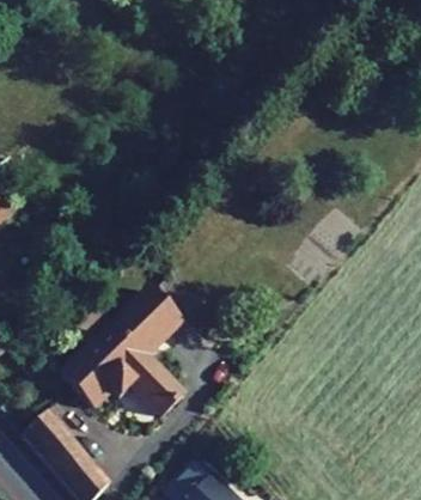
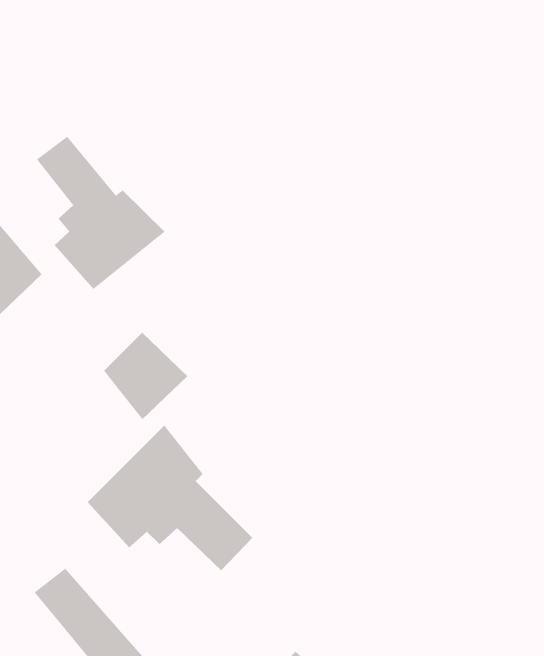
building: none -> [36,136,165,290]
building: [121,293,178,353] -> [103,332,188,420]

